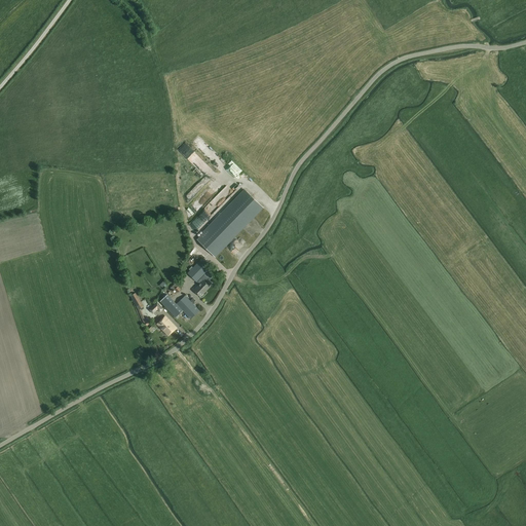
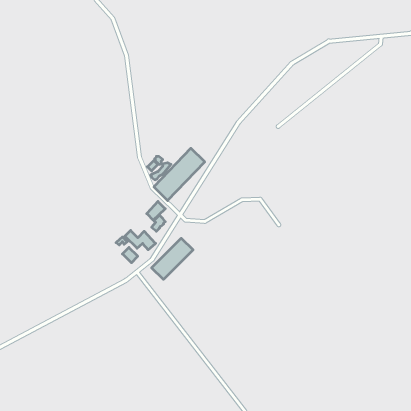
building: none -> [152,238,193,279]

